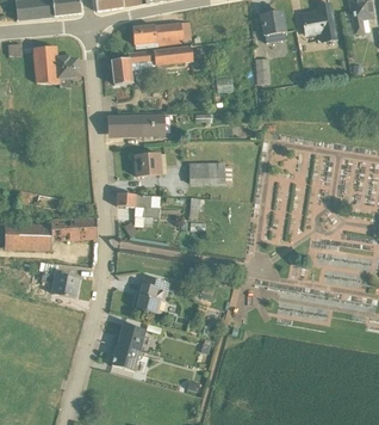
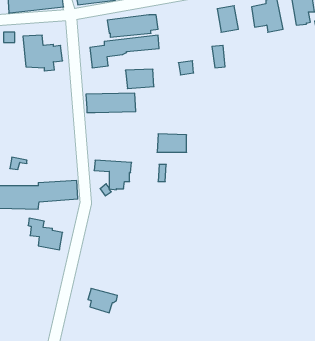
building: [132,153,166,175] -> [125,69,154,89]
building: [132,276,168,314] -> none
building: [112,324,145,350] -> none

